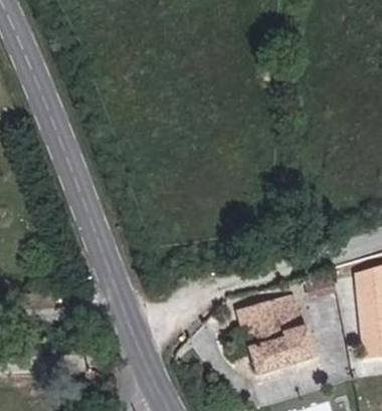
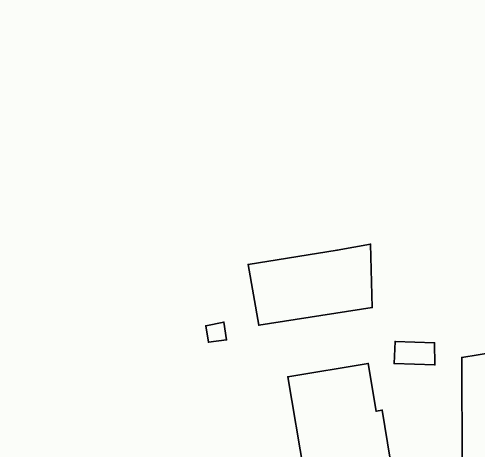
building: none -> [248,244,372,325]

